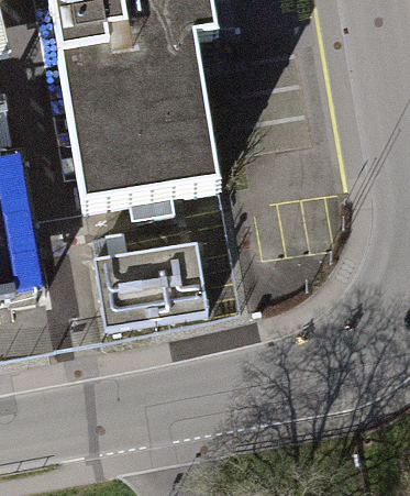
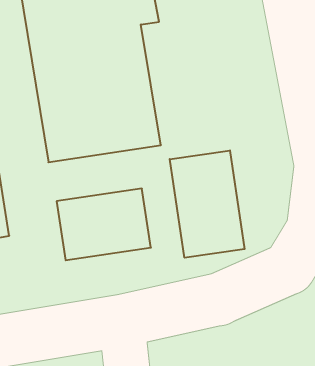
building: none -> [170,150,245,258]

